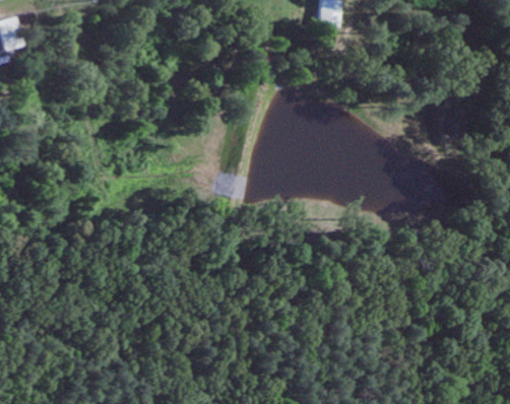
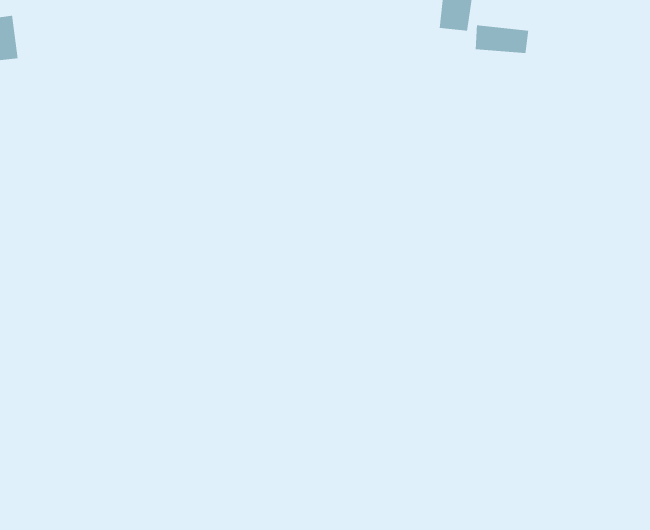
building: none -> [475,25,529,54]

